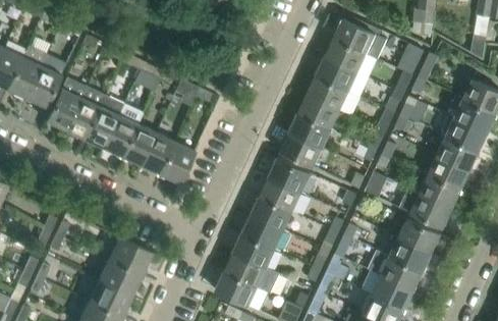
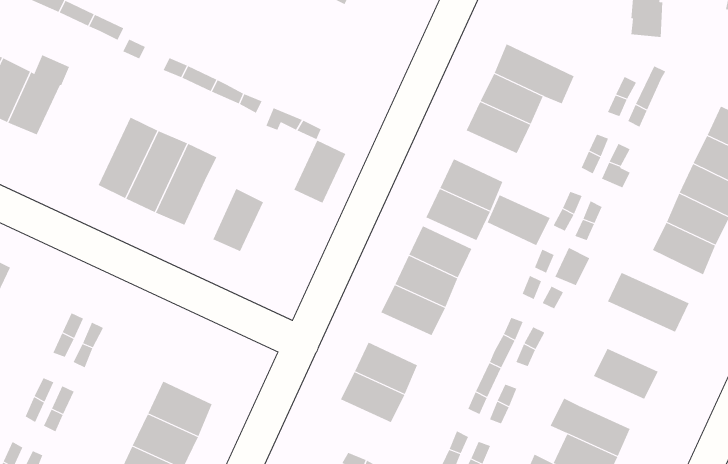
building: [333,18,387,59] -> none
building: [25,65,60,107] -> none
building: [46,76,87,130] -> none
building: [298,95,340,128] -> [487,194,550,246]
building: [122,124,156,166] -> none
building: [159,142,193,183] -> [293,140,346,204]
building: [420,173,462,208] -> none
building: [242,214,284,249] -> none
building: [399,218,441,253] -> none
building: [108,236,151,274] -> none
building: [381,256,424,290] -> none
building: [215,271,258,306] -> none

